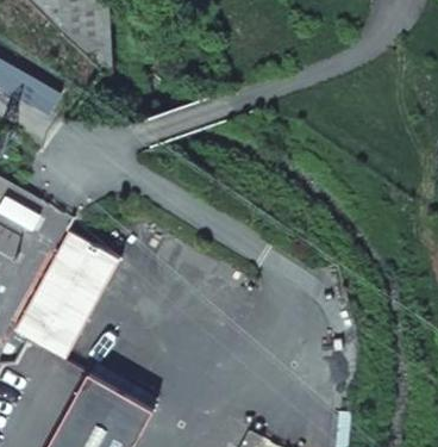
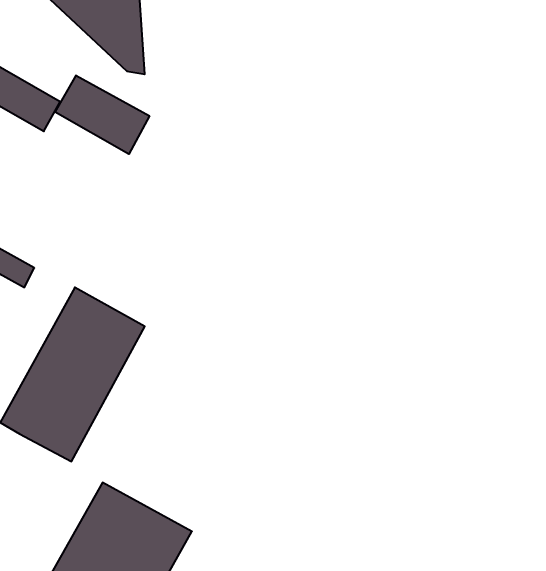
building: none -> [55,75,149,154]

